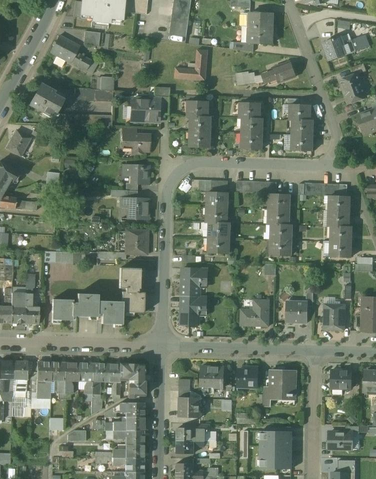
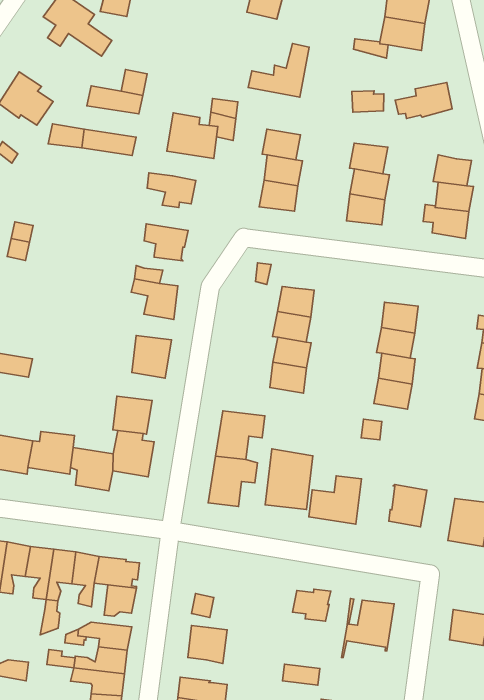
building: none -> [265,449,313,509]
building: [200,366,224,392] -> none

